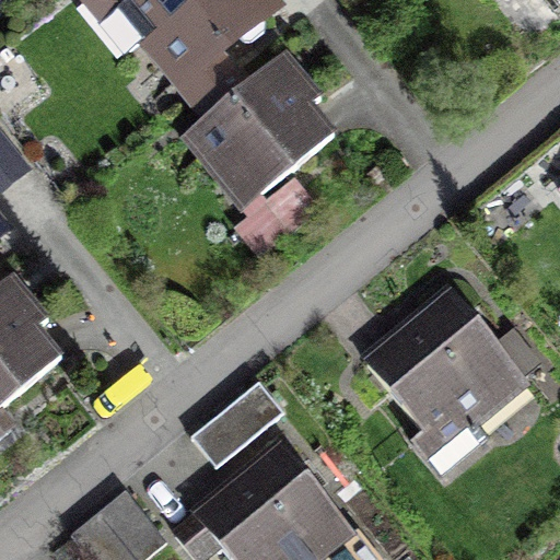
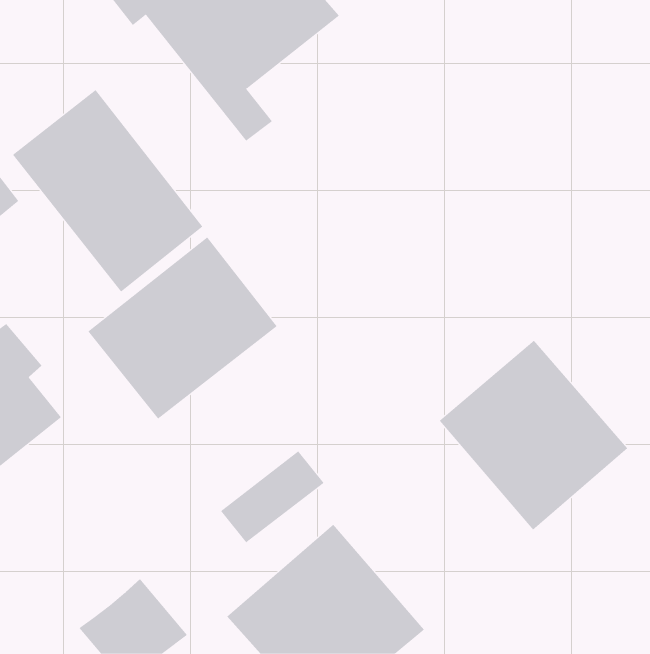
building: [182,57,338,220] -> none
building: none -> [12,89,203,293]
building: none -> [87,237,277,420]

